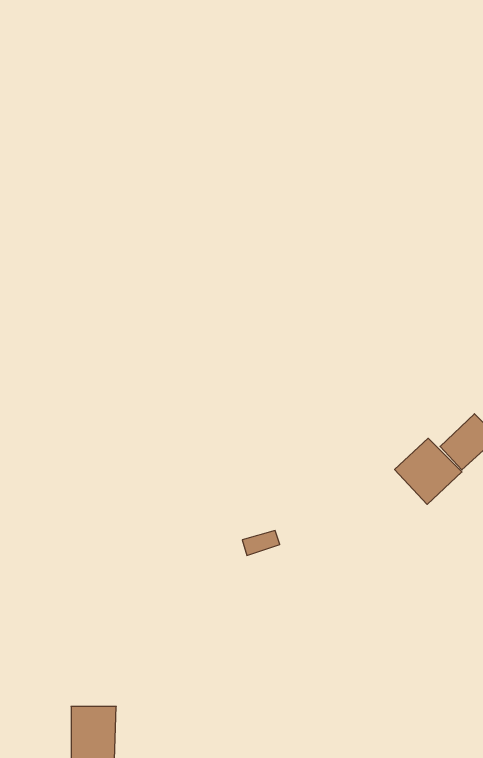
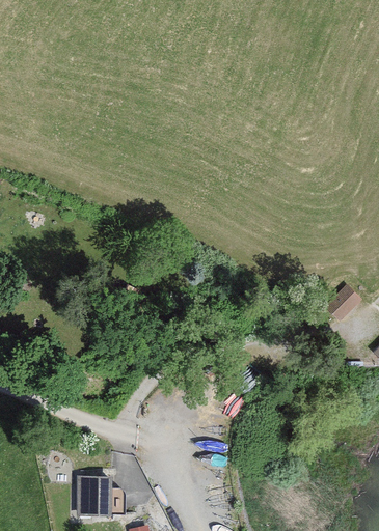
building: [395,438,462,504] -> none

